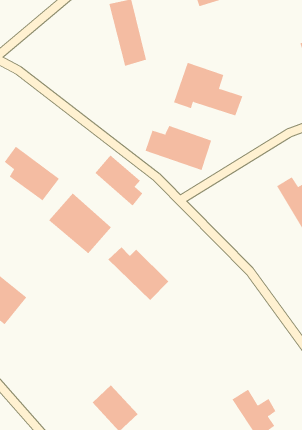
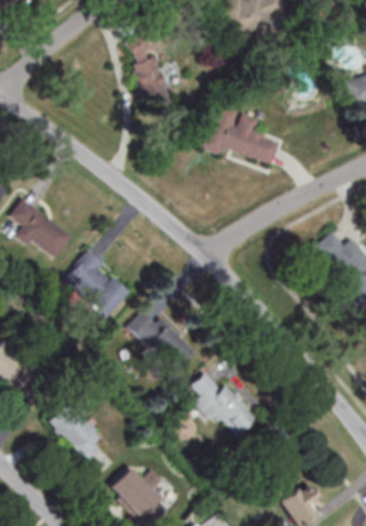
building: [145,125,212,171] -> none
building: [95,155,143,207] -> none
building: none -> [193,372,257,434]
building: none -> [45,398,100,463]

